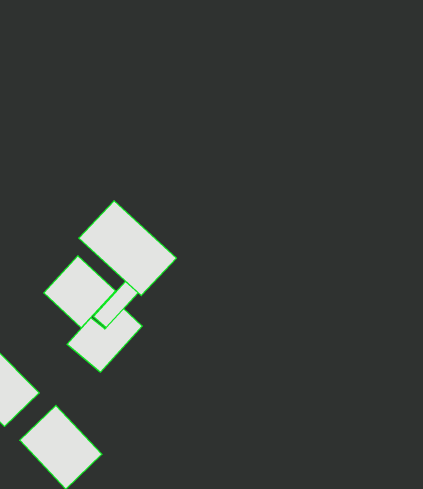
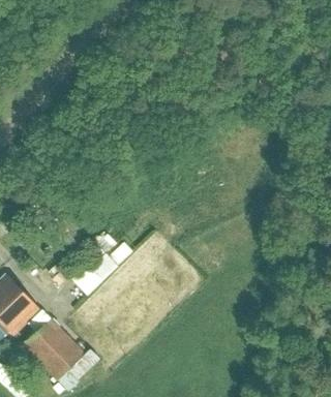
building: [79,201,176,296] -> none
building: [44,256,115,328] -> none

